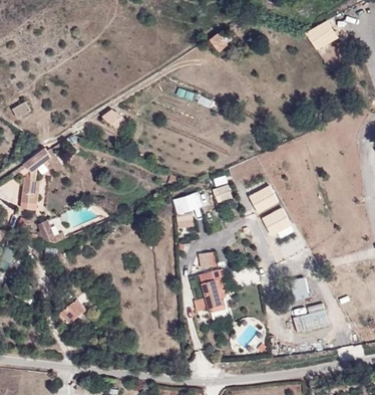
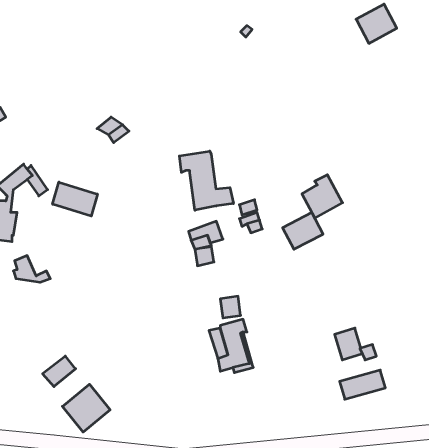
building: none -> [179,151,233,210]
building: none -> [53,182,97,216]
building: [262,203,294,237] -> [302,175,343,218]
building: none -> [62,384,110,432]

